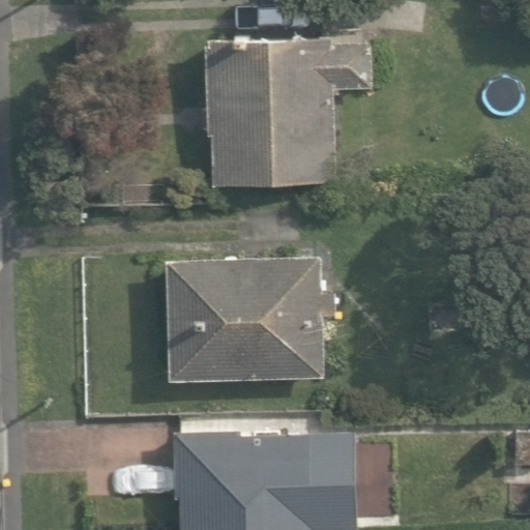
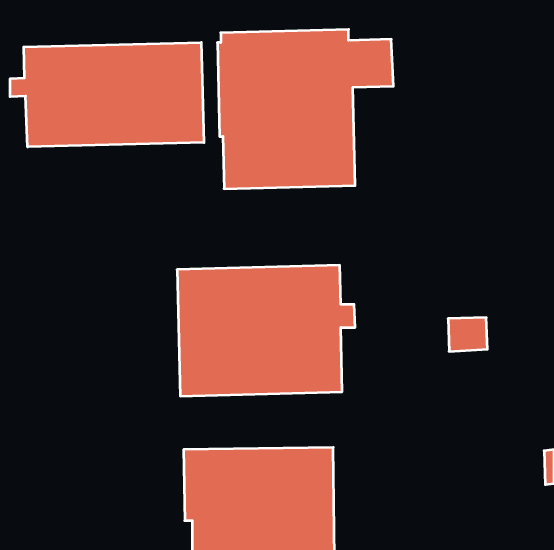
building: none -> [10,42,204,147]

